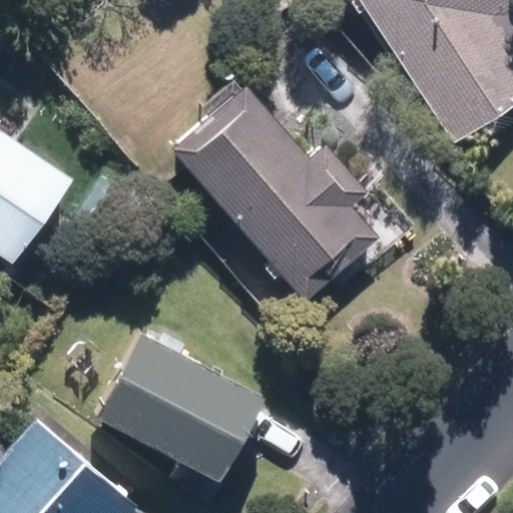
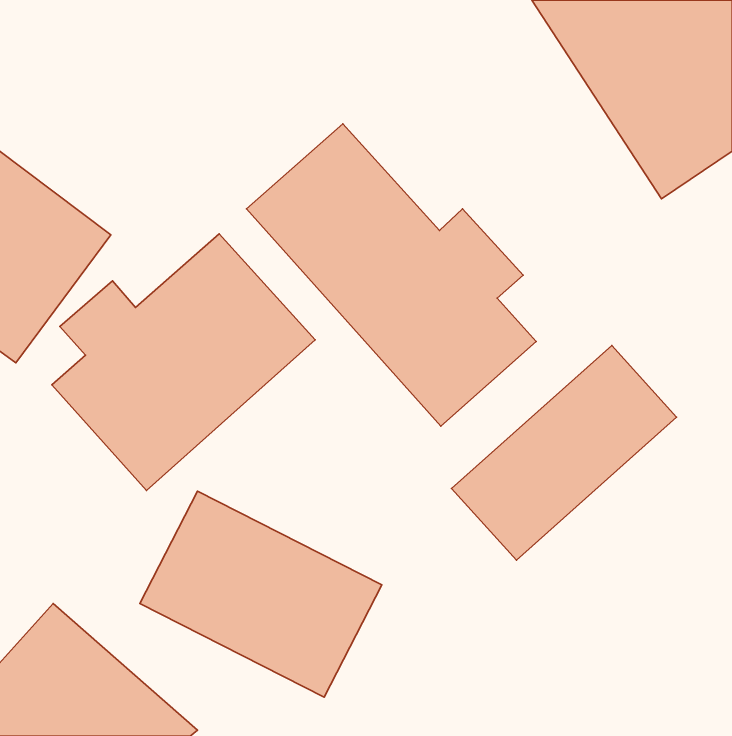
building: none -> [52,234,315,491]
building: none -> [452,346,677,560]

